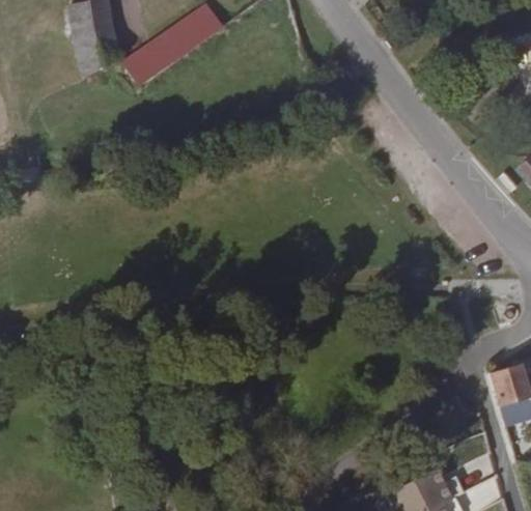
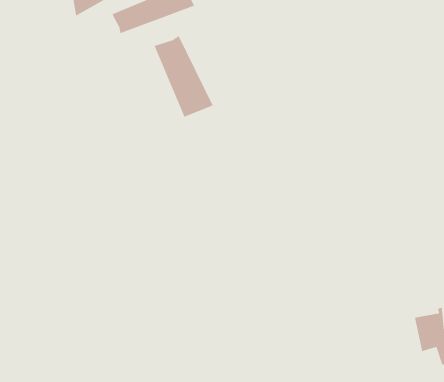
building: none -> [154,35,213,118]

